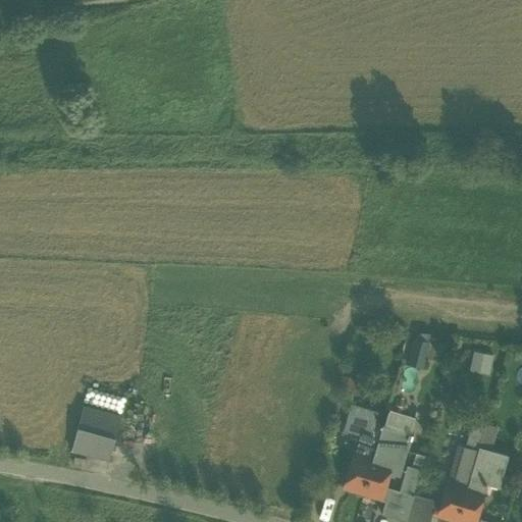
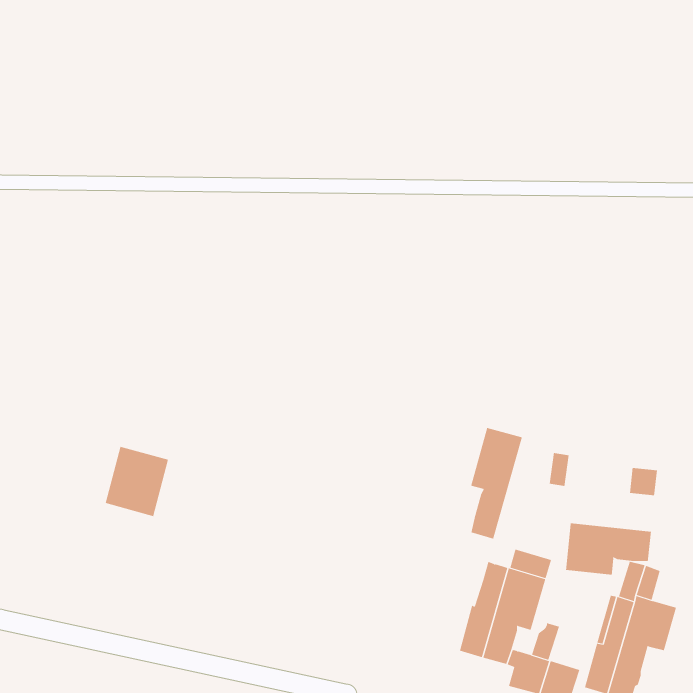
building: none -> [470,427,522,540]
building: none -> [565,523,652,575]
building: [344,407,375,436] -> none
building: [72,409,120,462] -> [105,446,169,517]

